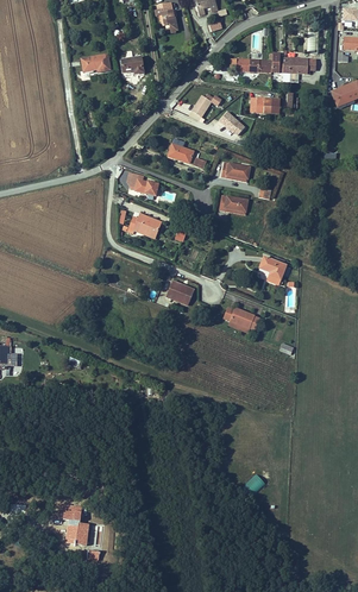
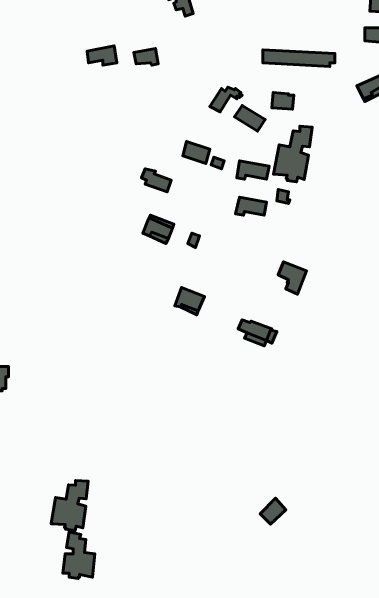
building: none -> [274,126,312,182]
building: none -> [51,481,88,530]

